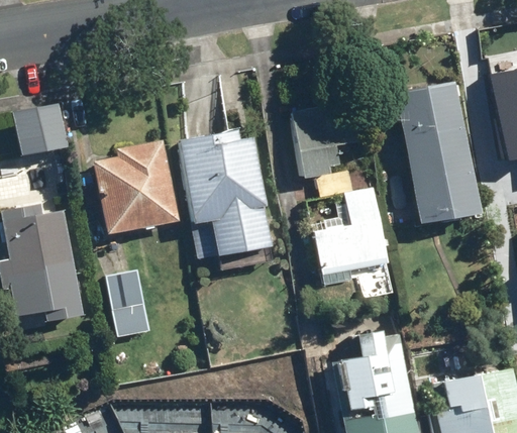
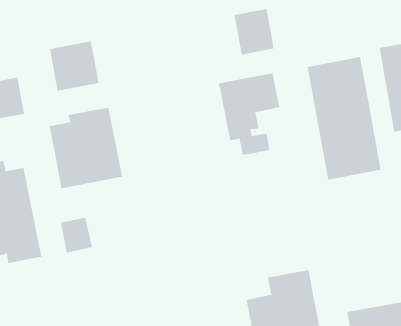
building: none -> [234,8,274,55]
building: none -> [49,40,99,92]
building: [178,129,274,259] -> none
building: [314,189,388,276] -> none

